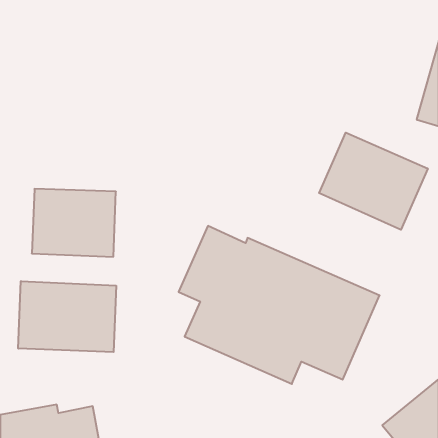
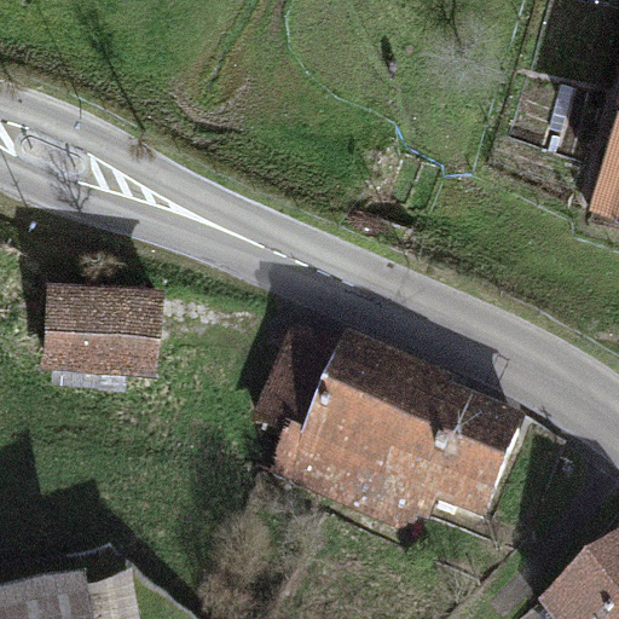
building: [319,133,428,230] -> none
building: [18,281,116,352] -> none

